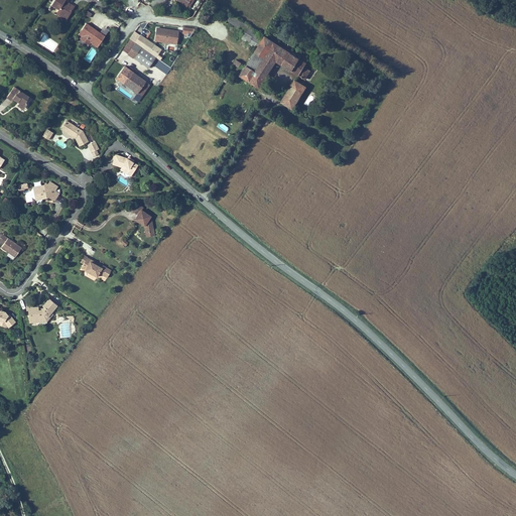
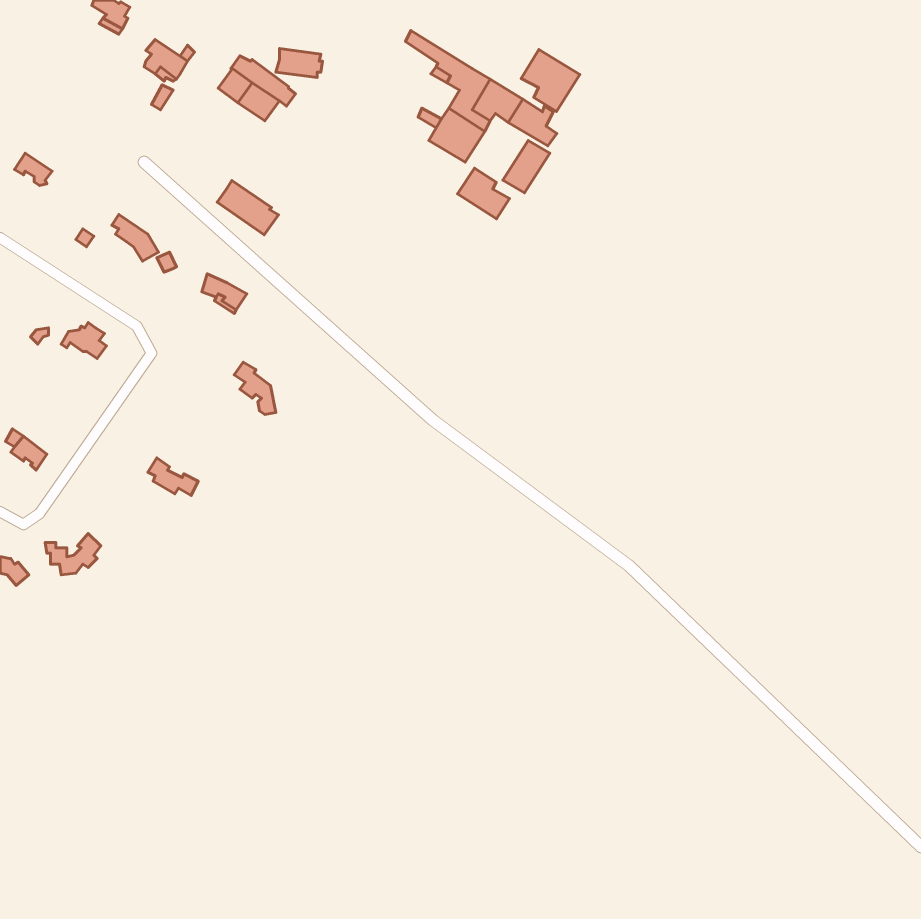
building: none -> [521,50,580,112]
building: [116,66,150,96] -> [217,181,279,235]
building: none -> [457,168,509,219]

